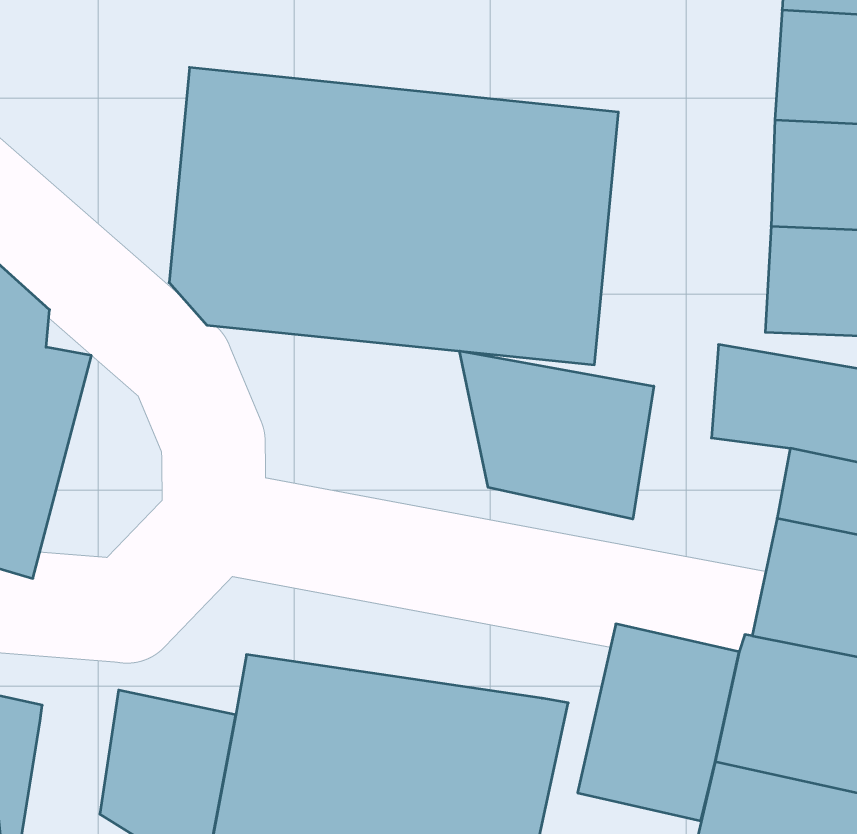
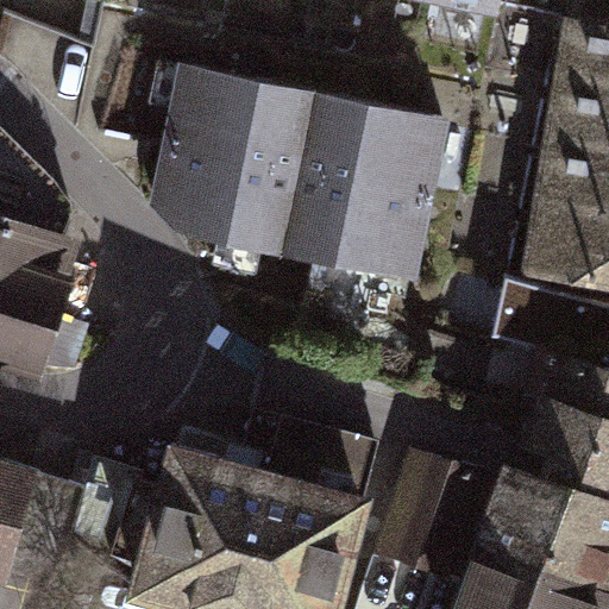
building: [460,351,654,519] -> none
building: none -> [238,412,375,495]

